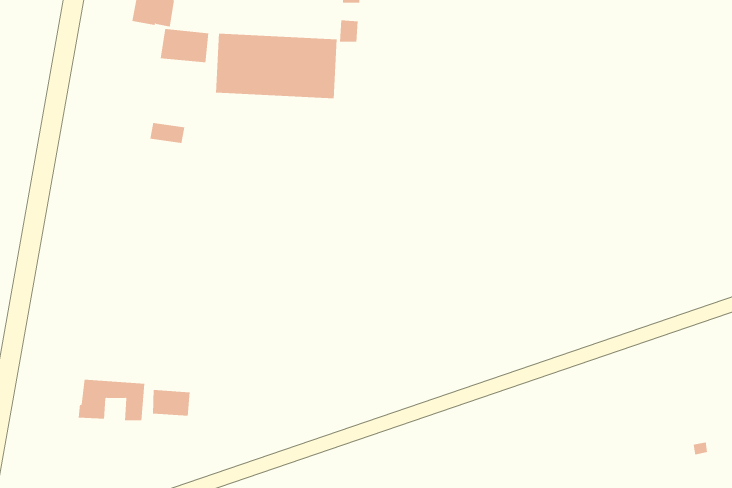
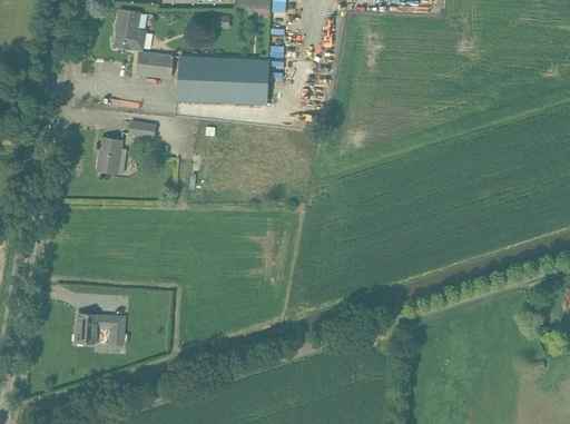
building: none -> [97,137,126,174]
building: [152,389,190,417] -> none

